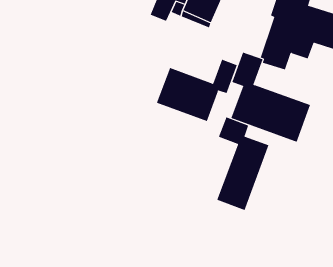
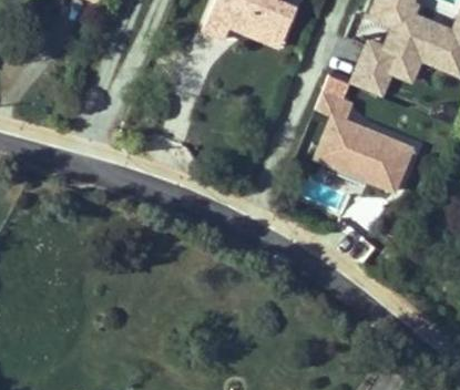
building: [156,59,238,122] -> none
building: [217,116,269,211] -> none

